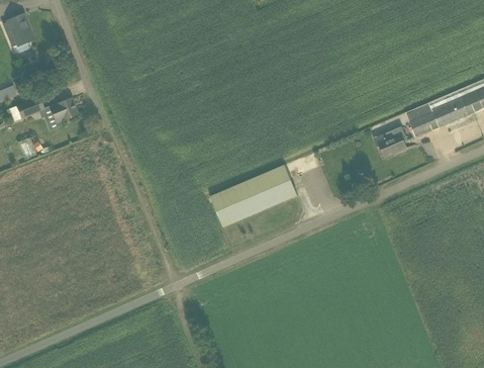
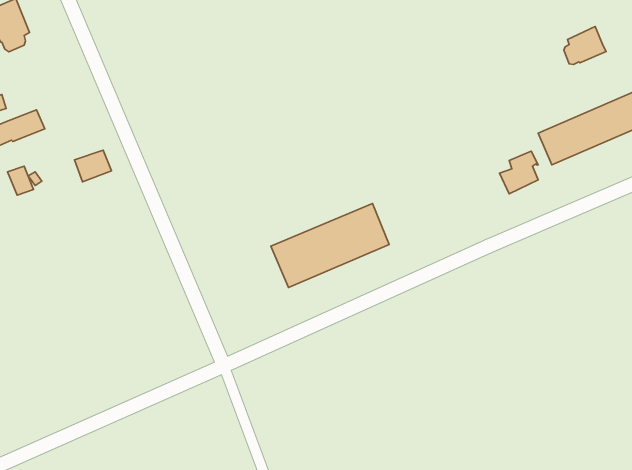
building: none -> [564,26,606,64]
building: [51,97,78,120] -> [74,150,112,182]

